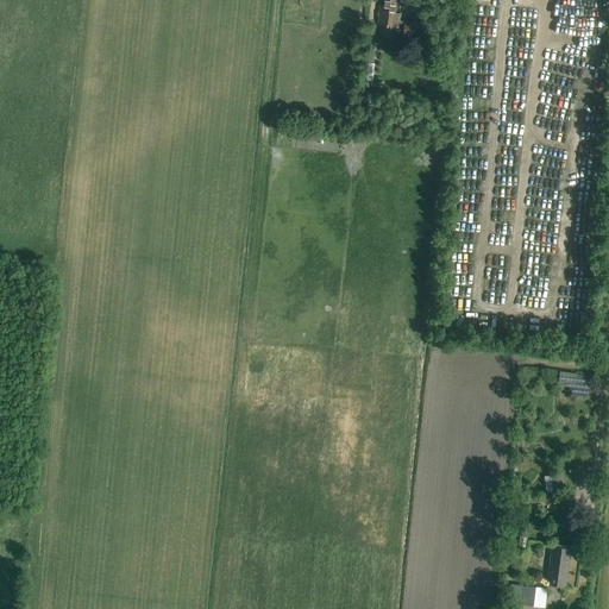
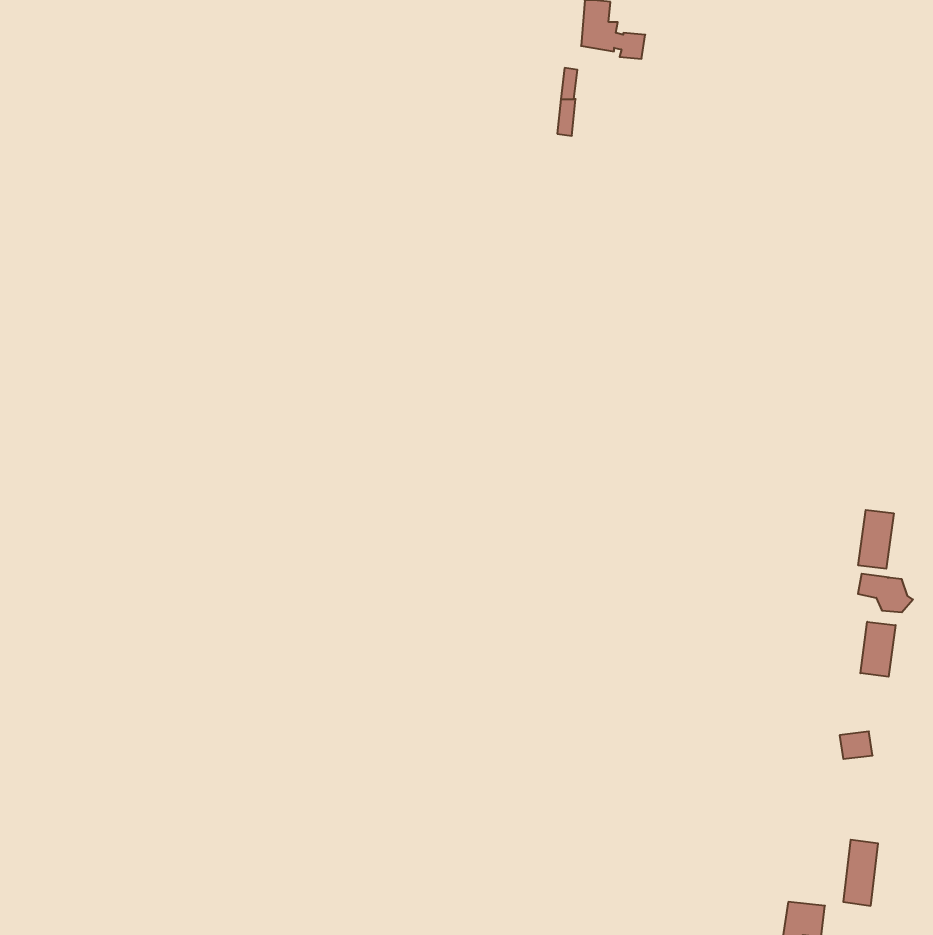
building: none -> [858,510,894,569]
building: none -> [860,622,896,677]

